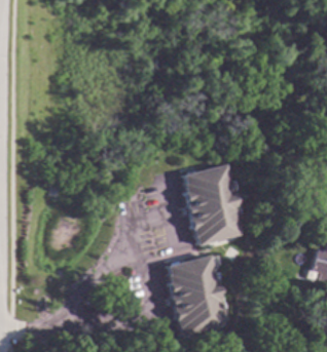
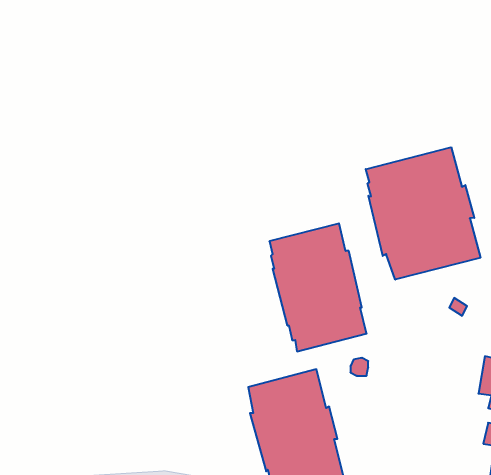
building: none -> [366,147,480,280]

